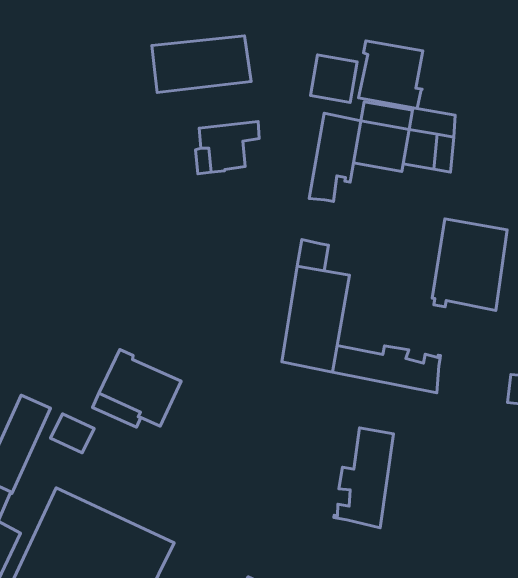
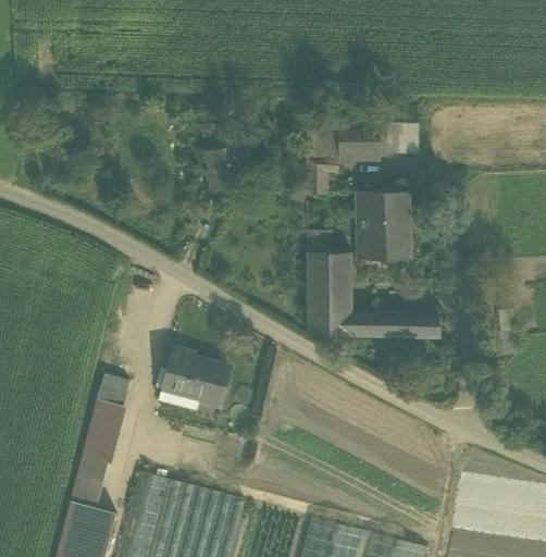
building: [152,36,251,92] -> none
building: [359,41,423,108] -> none
building: [310,55,357,103] -> none
building: [432,219,507,311] -> [356,194,411,267]
building: [50,414,94,453] -> [95,373,129,403]
building: [334,428,393,528] -> none

